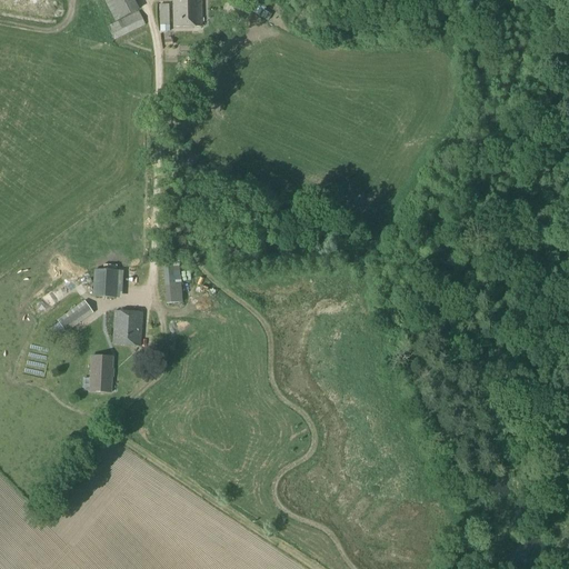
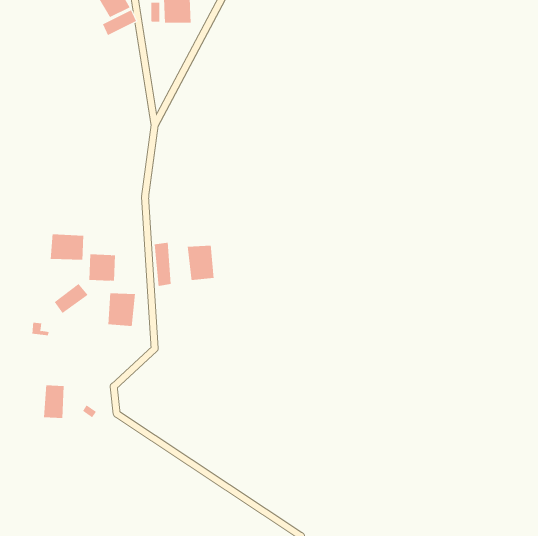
building: none -> [50,233,84,260]
building: none -> [187,245,214,281]
building: [90,355,112,390] -> [43,385,64,419]

